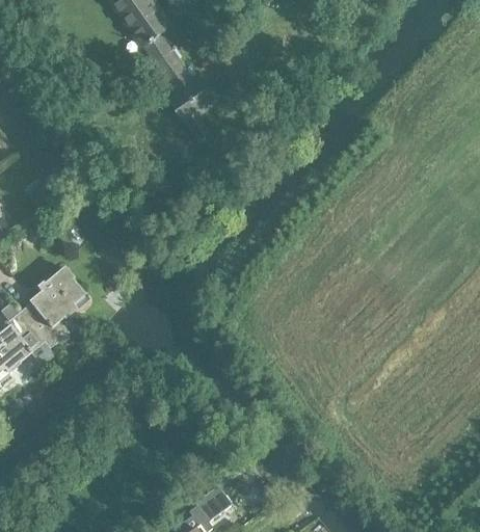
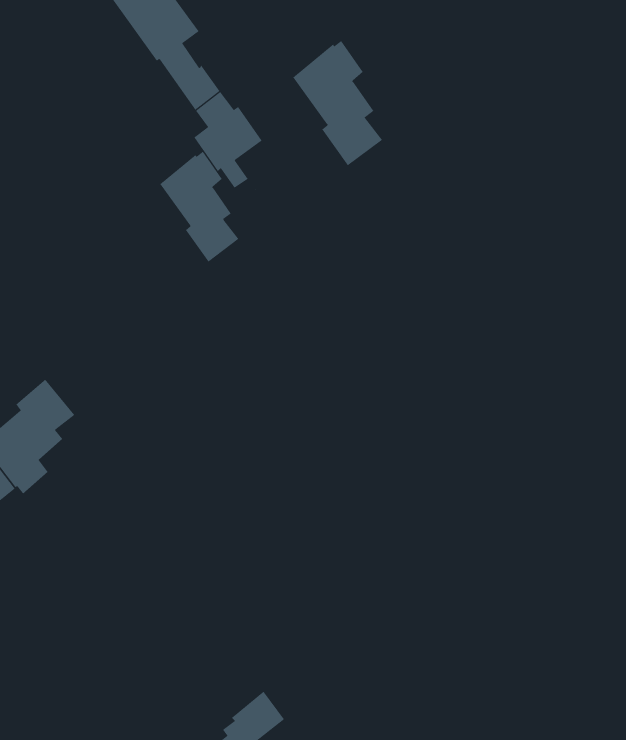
building: none -> [293,40,383,166]
building: none -> [160,151,239,262]

